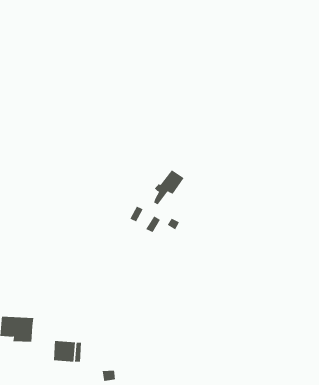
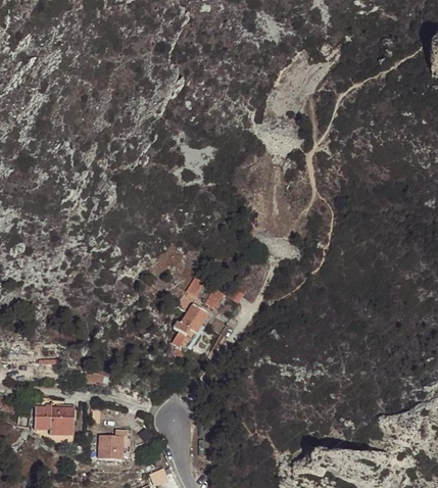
building: [153,169,184,205] -> [172,304,208,346]

